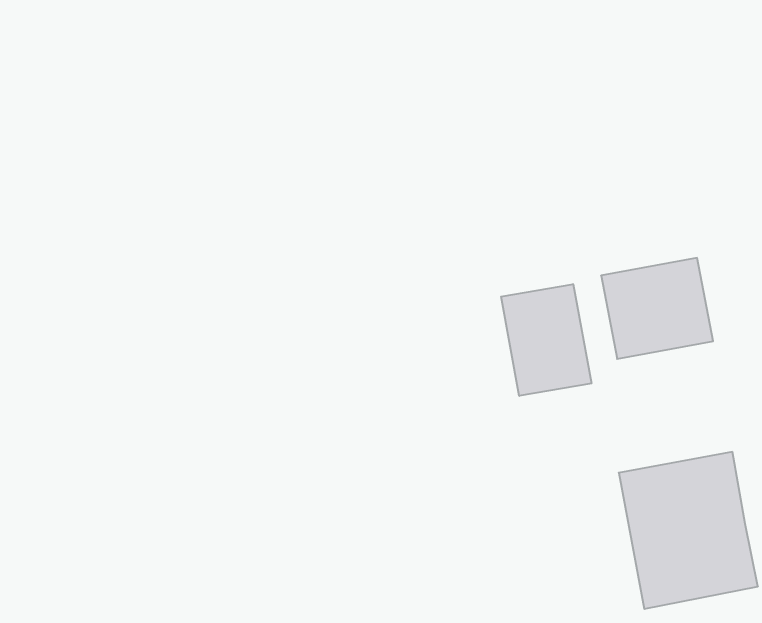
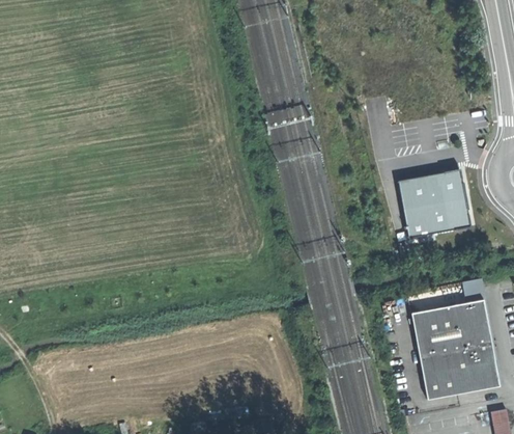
building: [501,284,591,396] -> none

